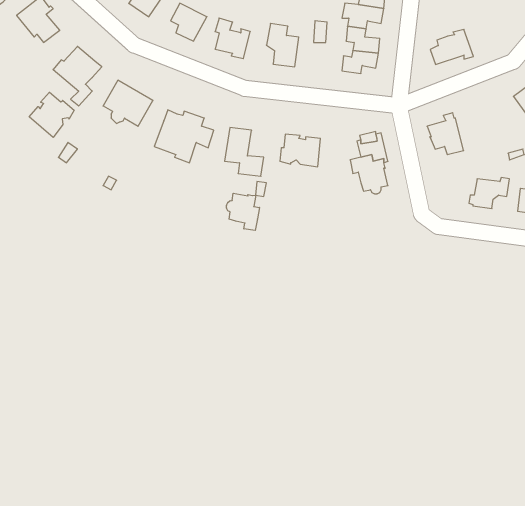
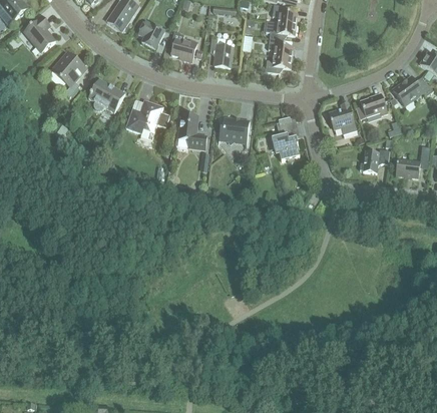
building: [430,29,473,64] -> [355,92,387,118]
building: [29,92,74,137] -> none
building: [227,193,259,230] -> none

